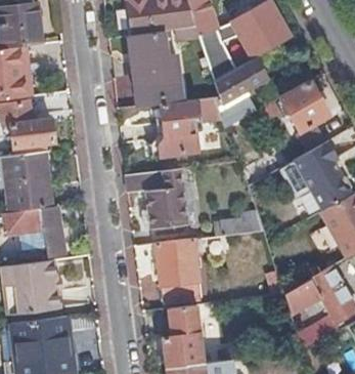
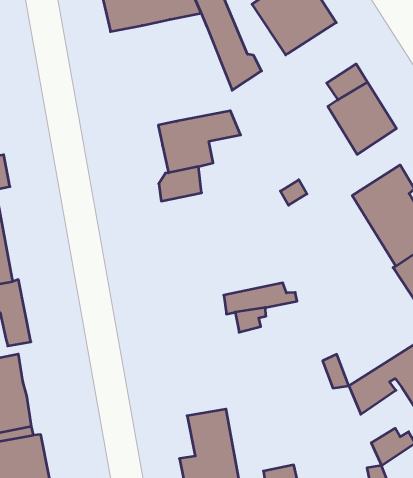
building: [131,33,178,107] -> none
building: [212,58,267,129] -> none
building: [126,169,186,228] -> none
building: [156,240,201,303] -> none

